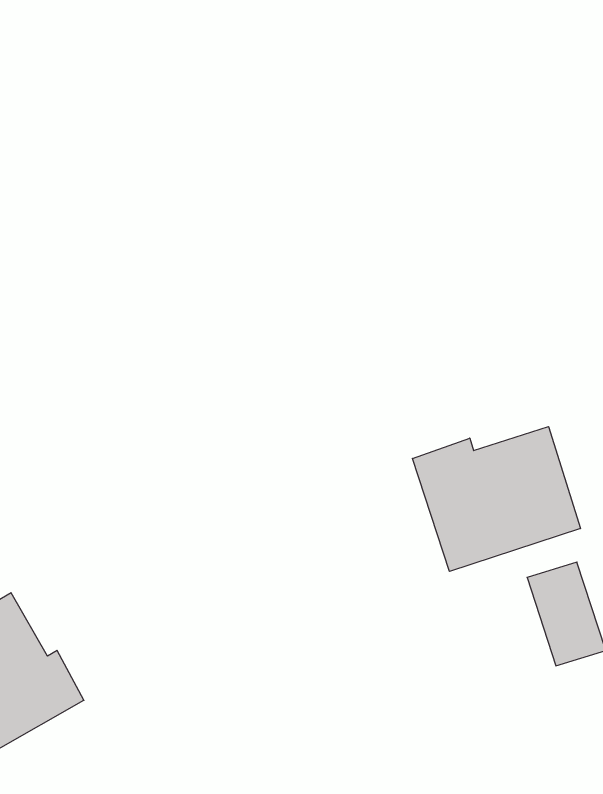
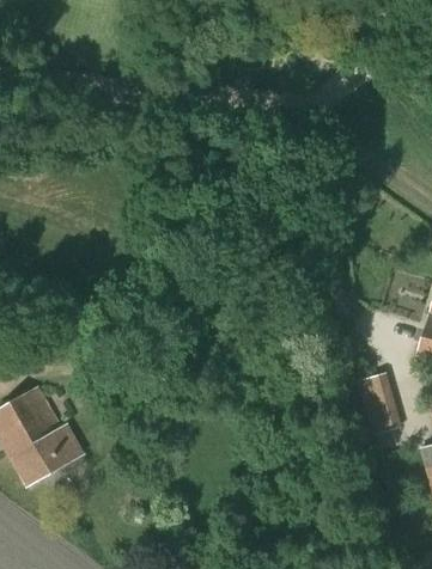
building: [412,427,580,571] -> none

